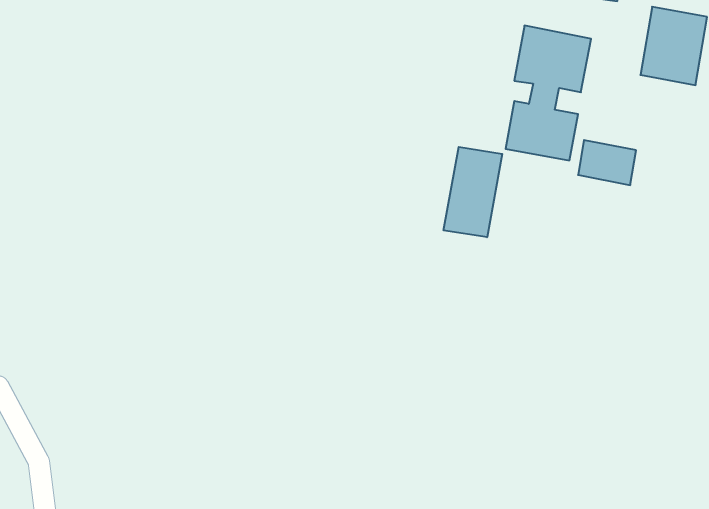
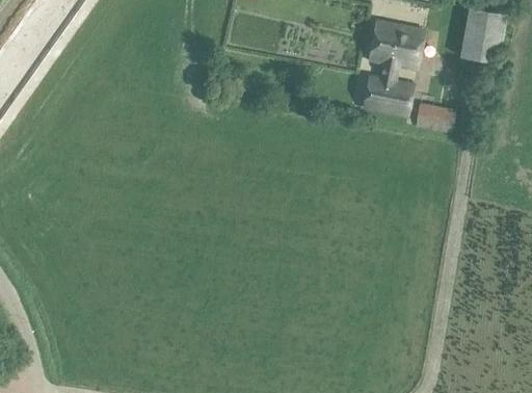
building: [444,147,502,237] -> none

